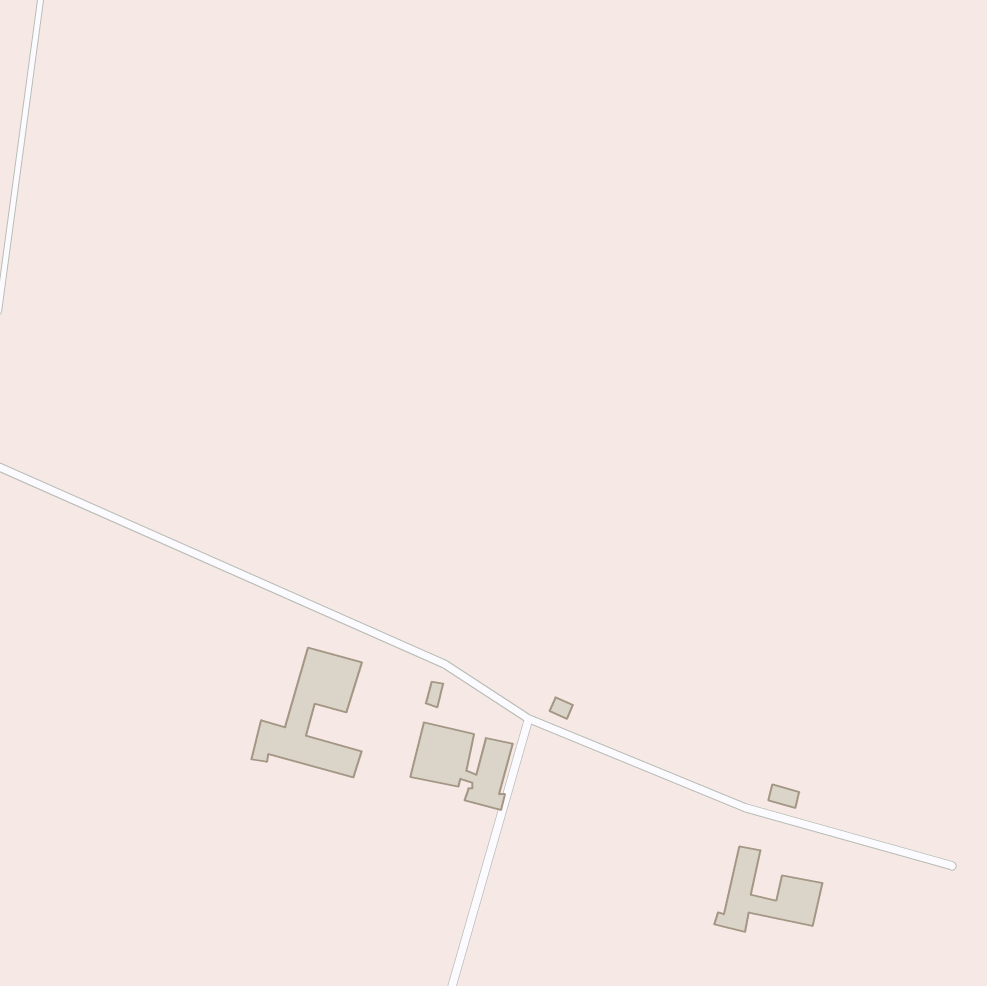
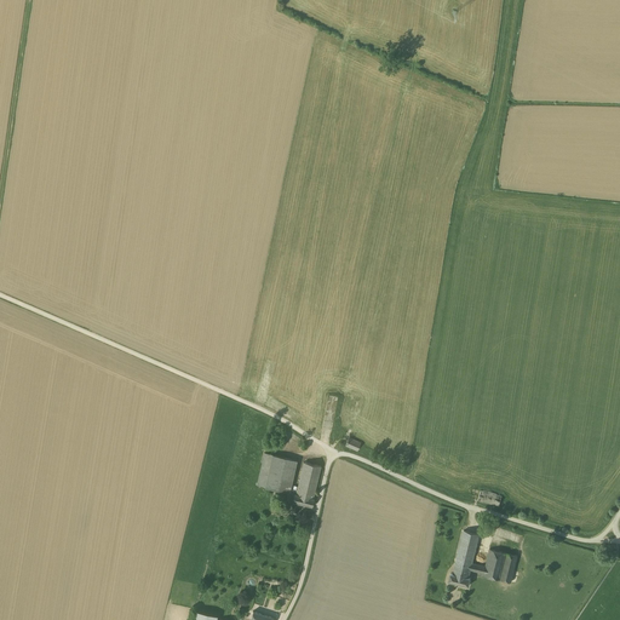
building: [251,648,362,777] -> none

